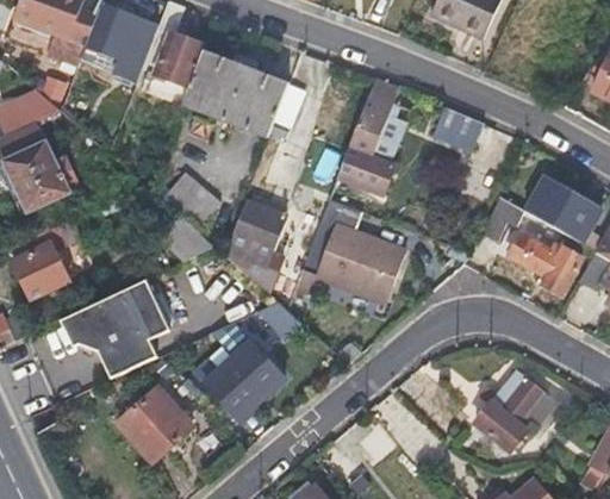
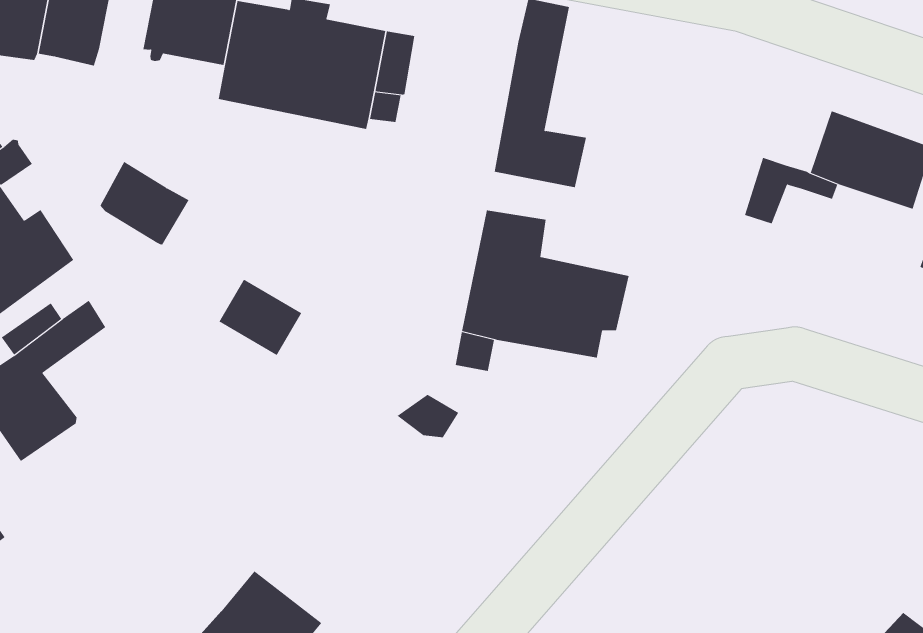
building: [435,107,484,151] -> none
building: [166,173,219,226] -> [99,161,189,245]
building: [228,200,286,269] -> none
building: [510,231,580,288] -> none
building: [61,280,169,380] -> none
building: [197,332,281,426] -> none
building: [474,373,540,451] -> none

